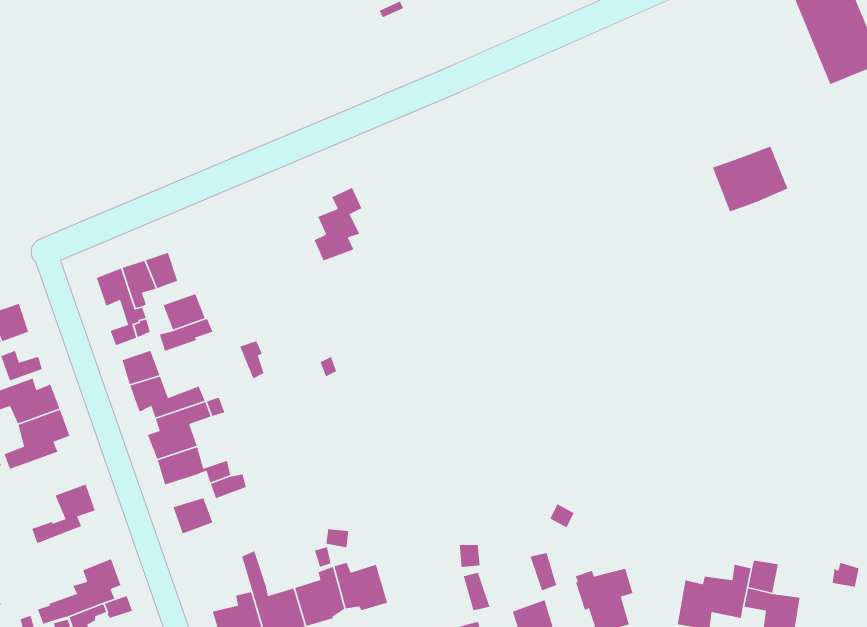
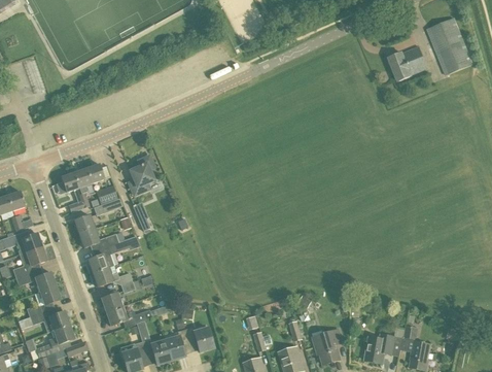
building: [712,146,788,212] -> [387,45,427,80]
building: [313,187,362,262] -> [128,155,153,194]
building: none -> [14,268,55,291]
building: none -> [105,305,151,327]
building: none -> [29,310,68,330]

